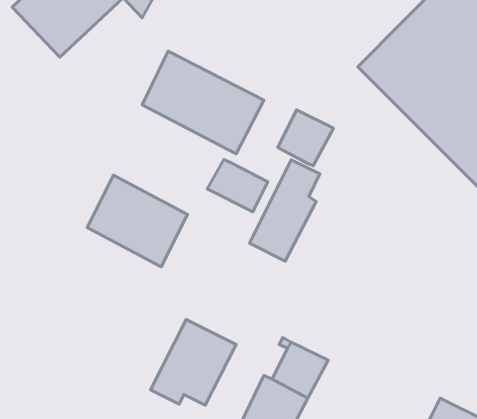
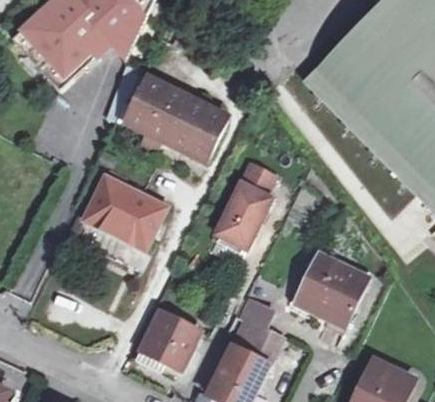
building: [278,110,334,166] -> none
building: [207,160,268,212] -> none
building: none -> [295,246,372,323]

